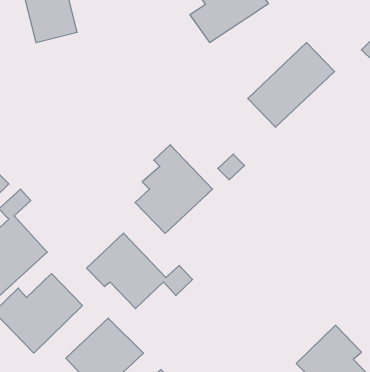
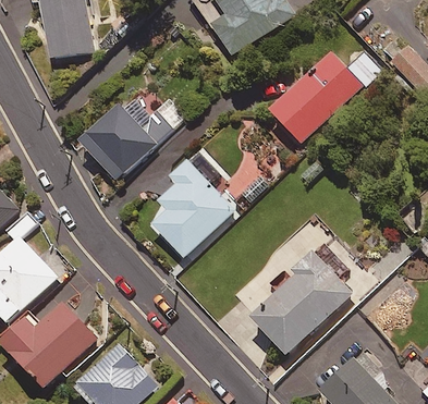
building: none -> [81,97,185,181]
building: none -> [250,245,350,356]
building: [87,233,193,309] -> none

